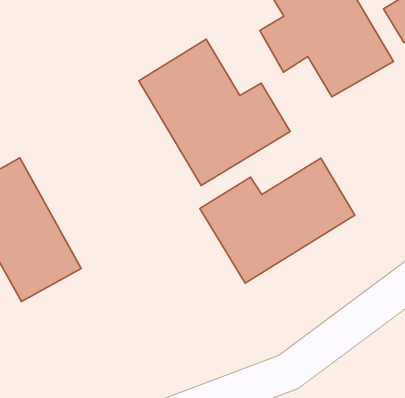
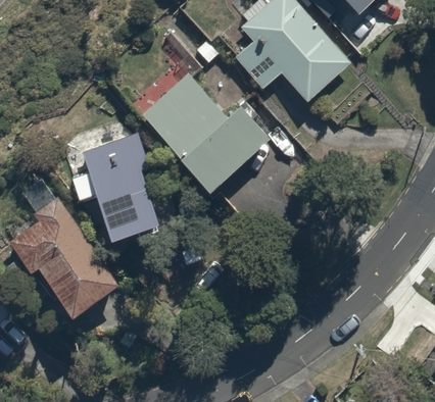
building: none -> [81,135,158,242]
building: [200,158,355,283] -> none

